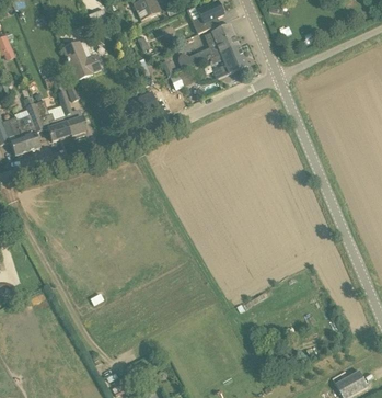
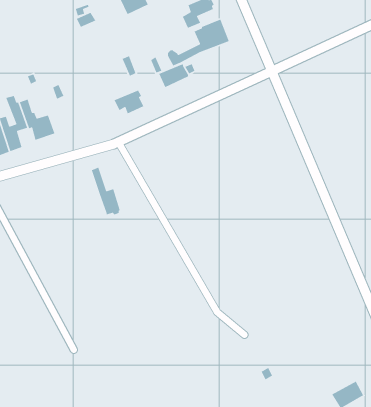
building: [62,39,100,80] -> none
building: [209,45,246,78] -> none
building: [56,89,85,136] -> [91,167,122,216]

